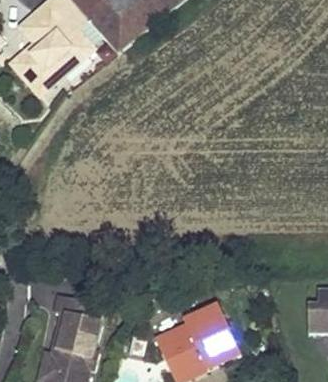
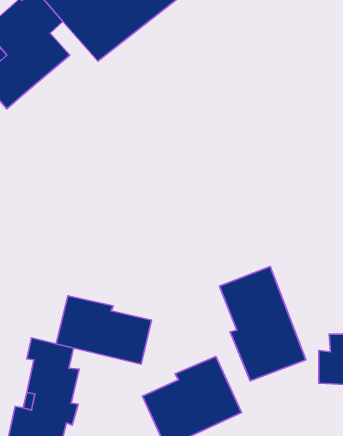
building: none -> [220,267,306,381]
building: none -> [56,296,152,364]

